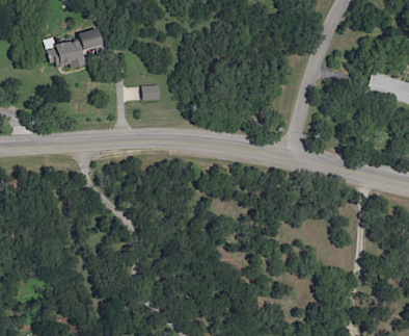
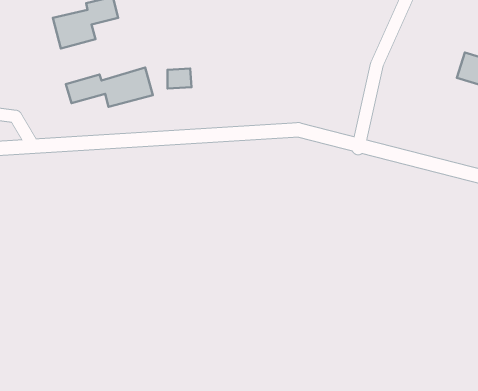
building: none -> [66,68,153,107]

